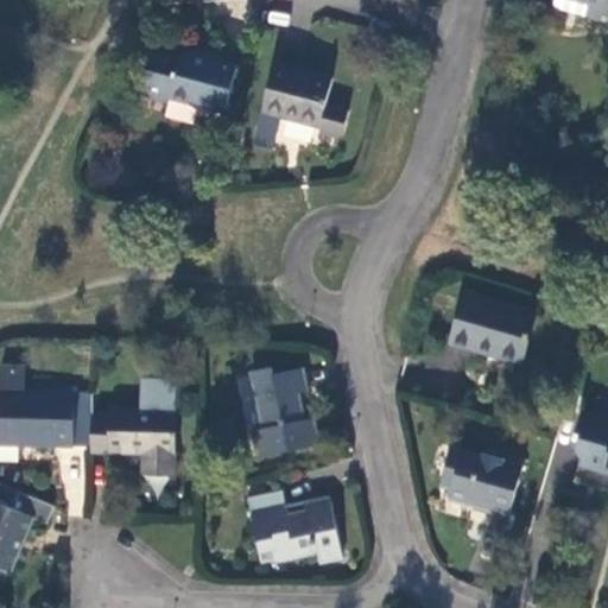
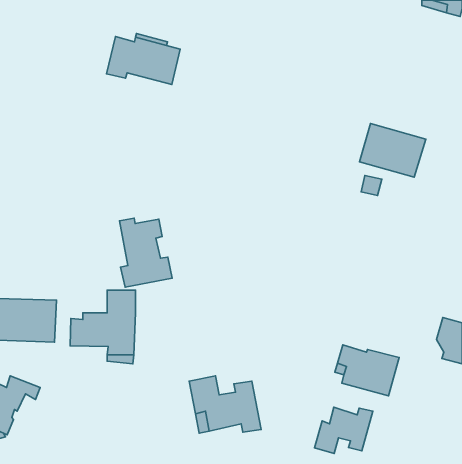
building: [258,65,348,142] -> none
building: [448,294,534,365] -> [360,124,426,177]
building: [249,368,318,458] -> [120,218,172,287]
building: none -> [315,407,373,454]

